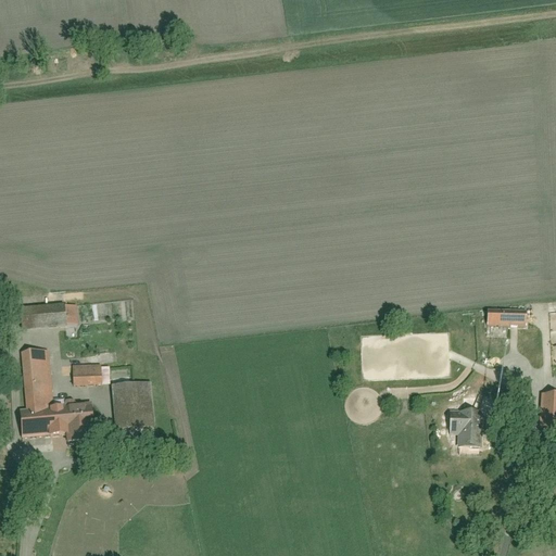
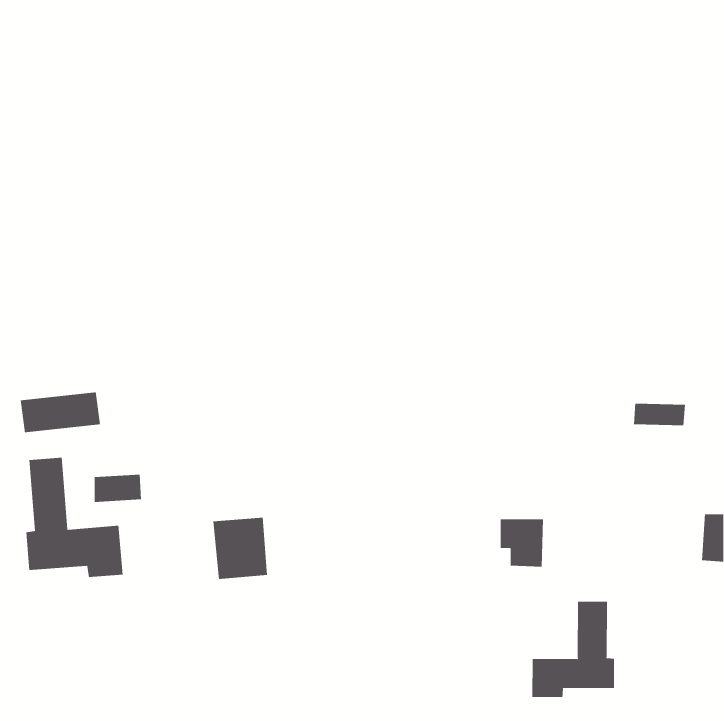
building: [112,381,154,429] -> [212,517,268,579]
building: [447,410,481,447] -> [500,519,544,567]
building: none -> [532,601,615,698]

